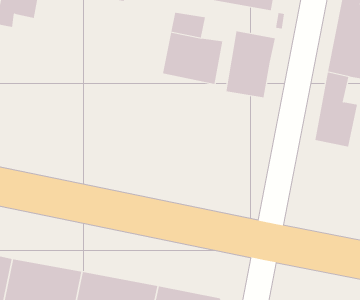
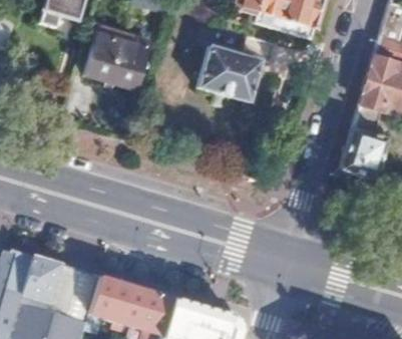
building: none -> [87,27,149,88]
building: [226,30,276,98] -> none

